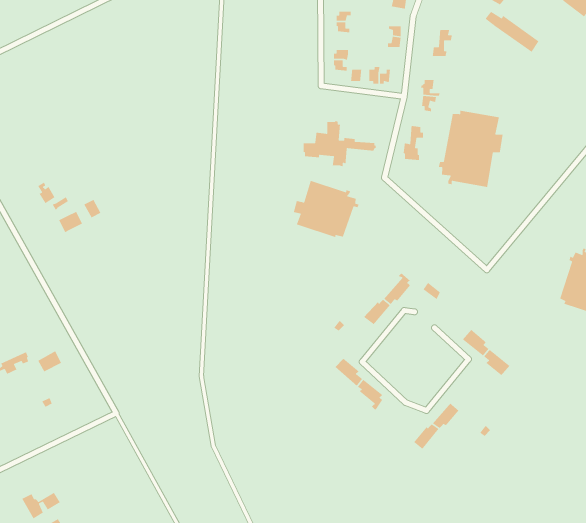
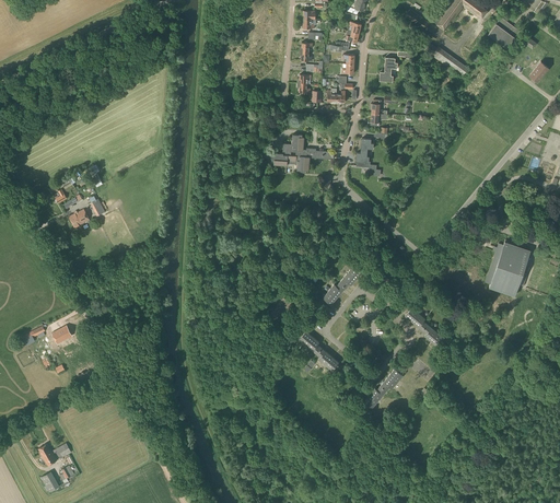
building: [438,110,504,188] -> none
building: [293,180,360,238] -> none

